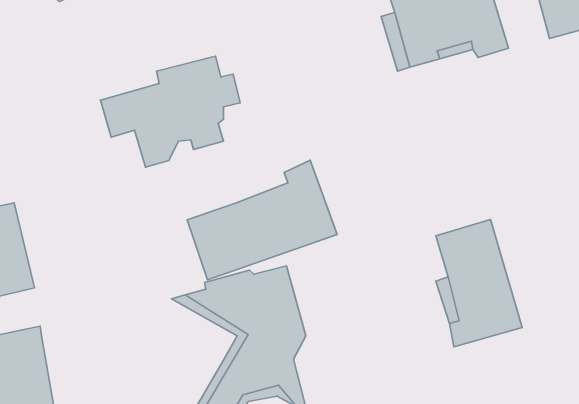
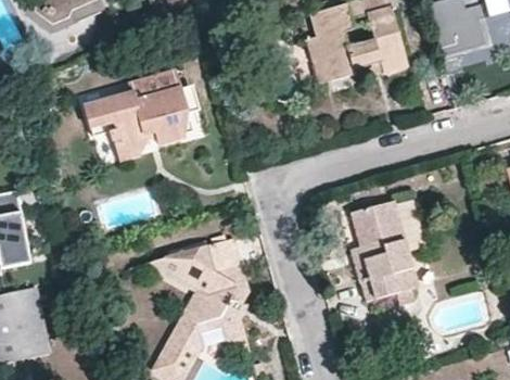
building: [187,160,337,280] -> none

